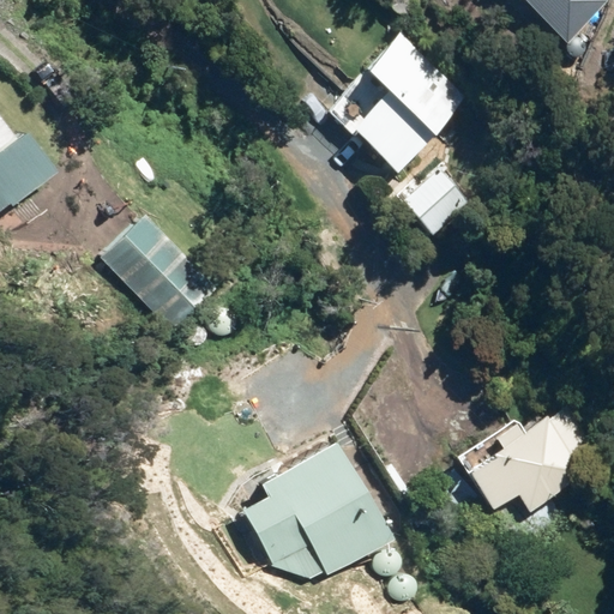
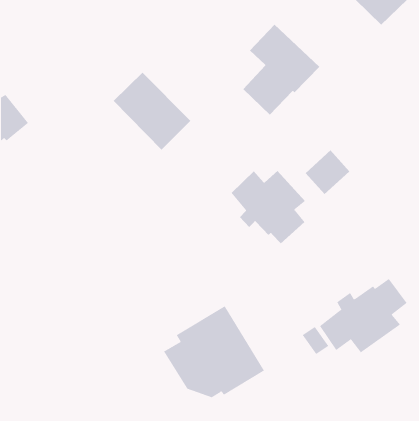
building: [403,168,469,234] -> [305,149,350,195]
building: [101,215,215,329] -> [113,72,191,150]
building: none -> [231,170,306,244]

